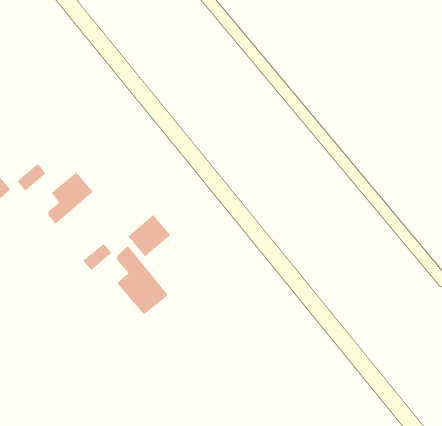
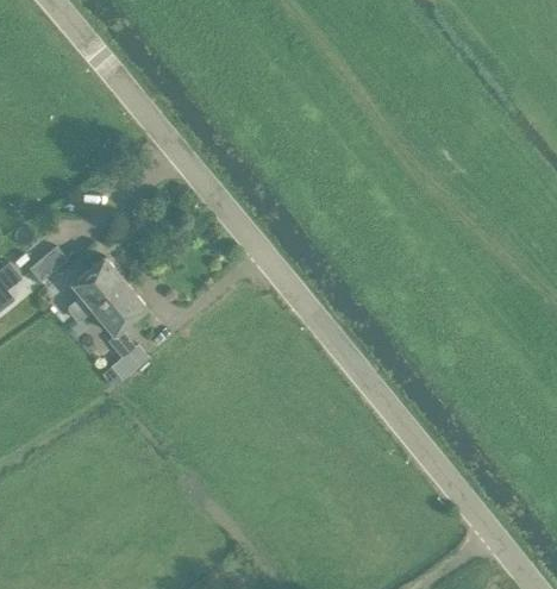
building: [128,214,171,257] -> [92,282,145,336]
building: [116,245,169,316] -> none

